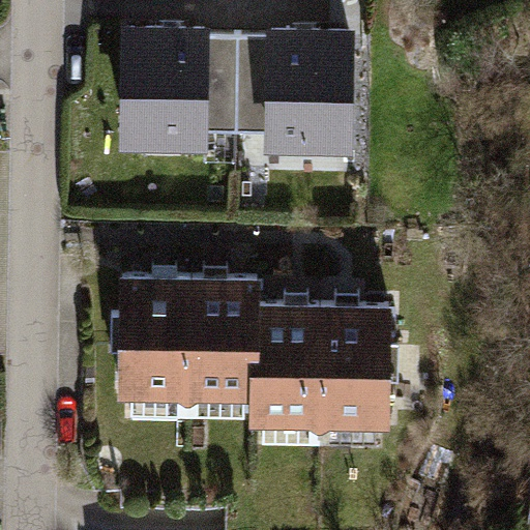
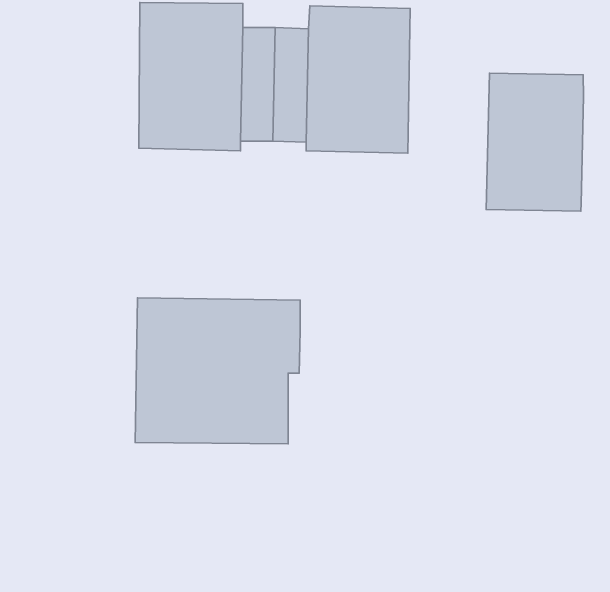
building: none -> [486,73,583,211]
building: [249,303,391,430] -> none

